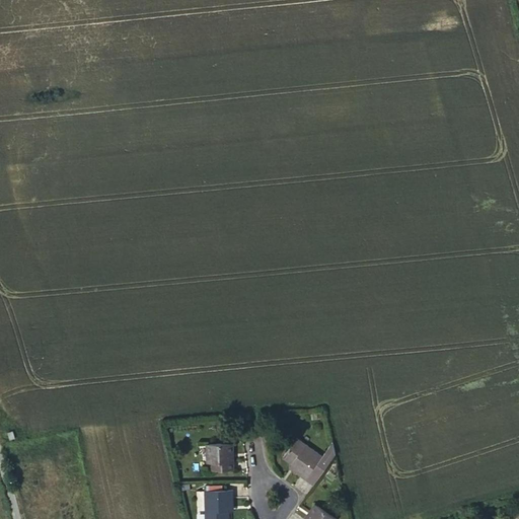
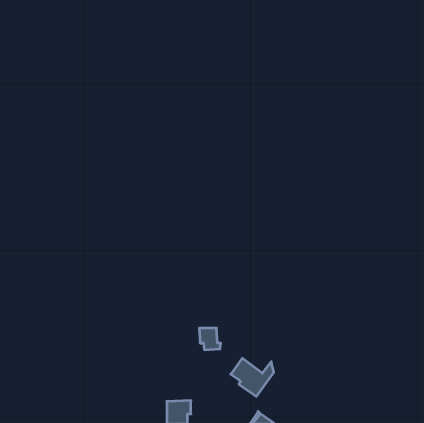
building: [207,444,233,470] -> [199,328,221,350]

